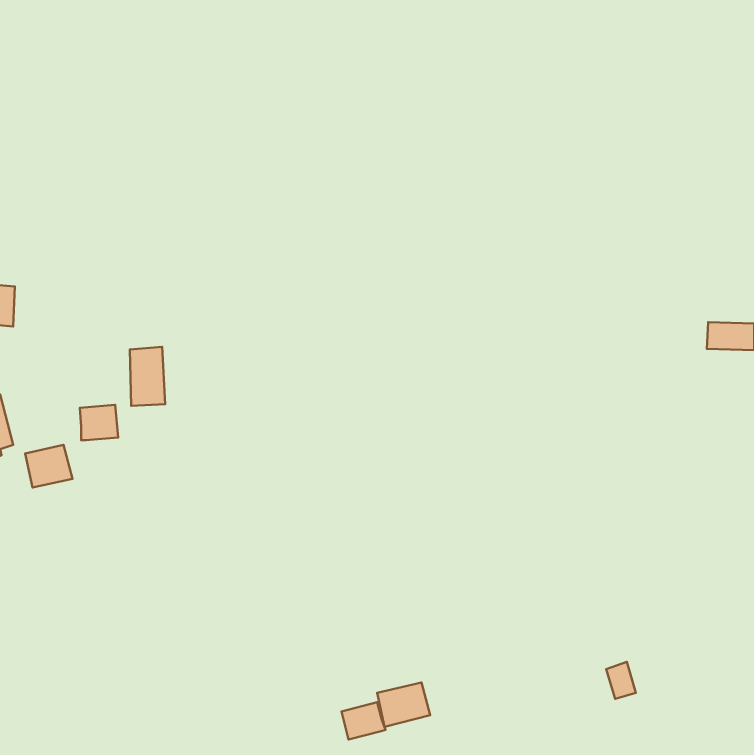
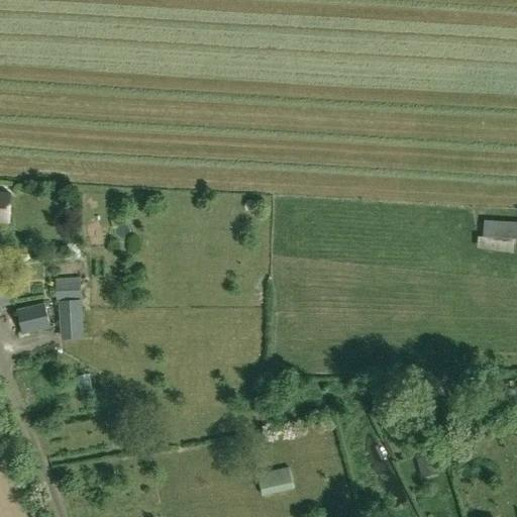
building: [130,347,165,406] -> [59,299,83,339]
building: [341,702,385,739] -> none

